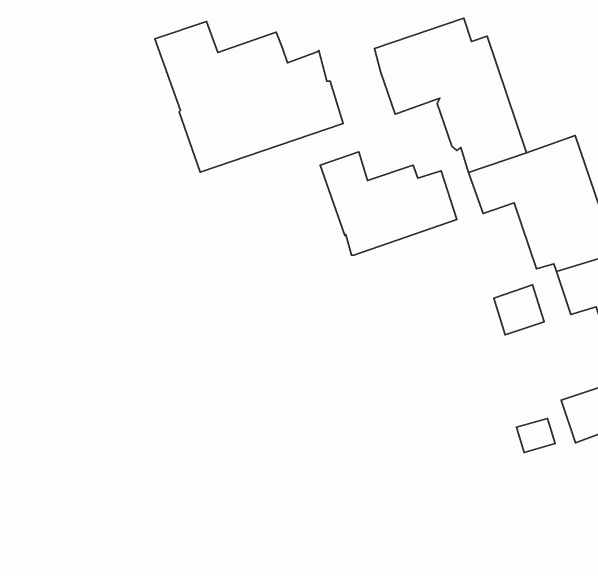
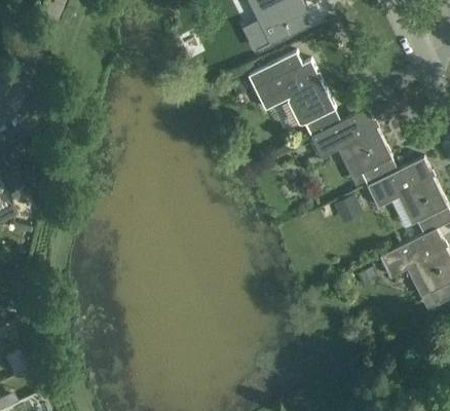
building: [155,21,343,172] -> none
building: [320,152,457,255] -> none

